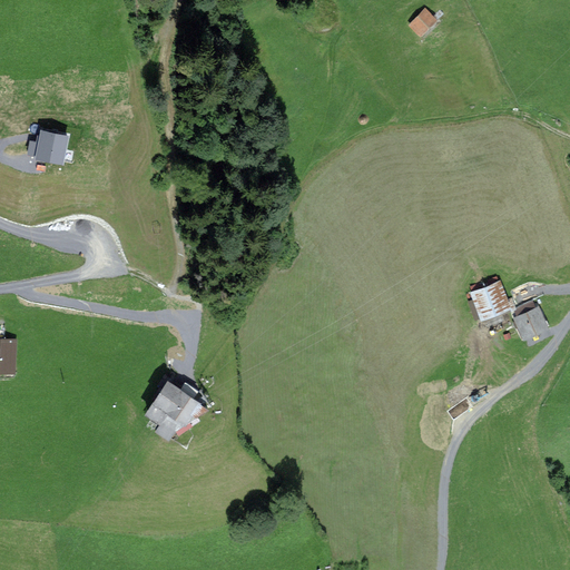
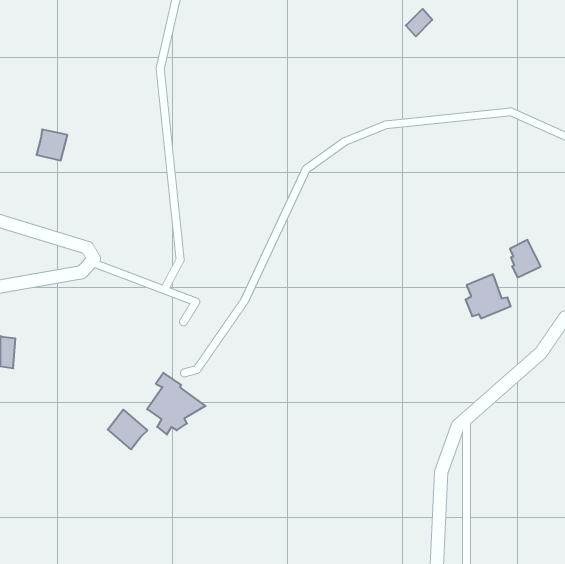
building: [514,302,546,340] -> [510,240,541,278]
building: none -> [108,410,147,449]

